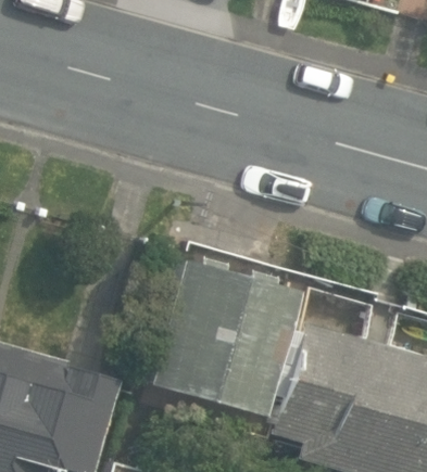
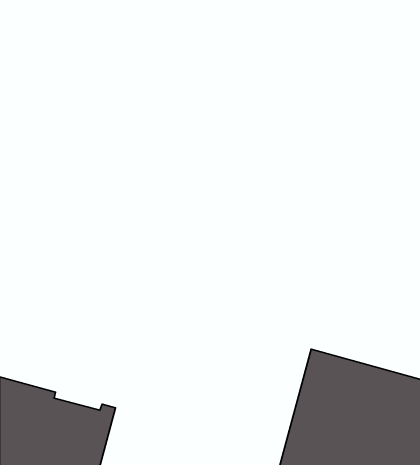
building: [174,264,272,372] -> none

